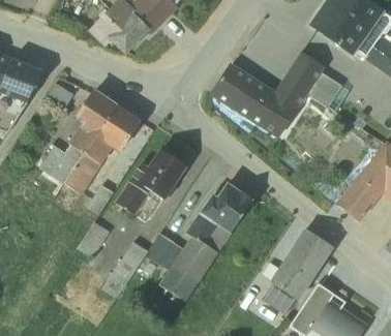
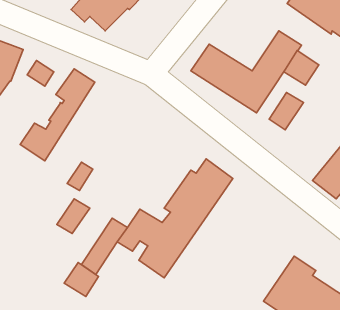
building: [64,103,139,193] -> none
building: none -> [269,93,303,130]
building: [115,148,187,220] -> none
building: [262,230,330,314] -> none
building: none -> [64,263,99,297]

